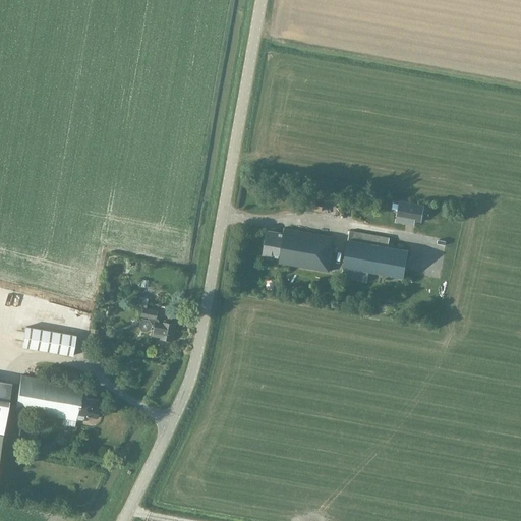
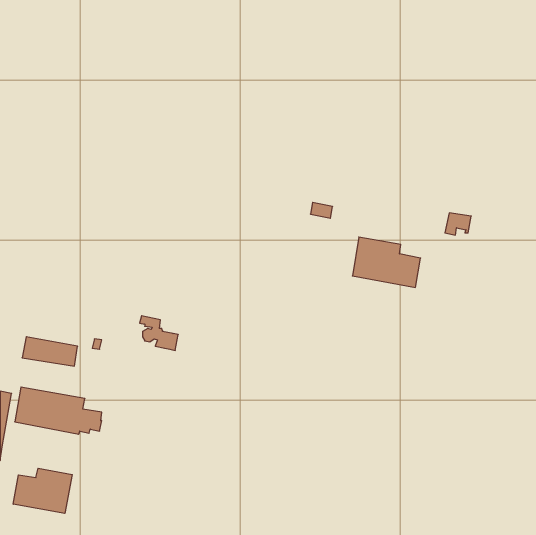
building: [395,202,420,224] -> [445,213,471,235]
building: [263,229,333,274] -> none
building: none -> [13,468,72,513]

